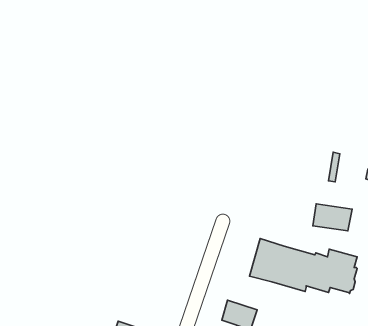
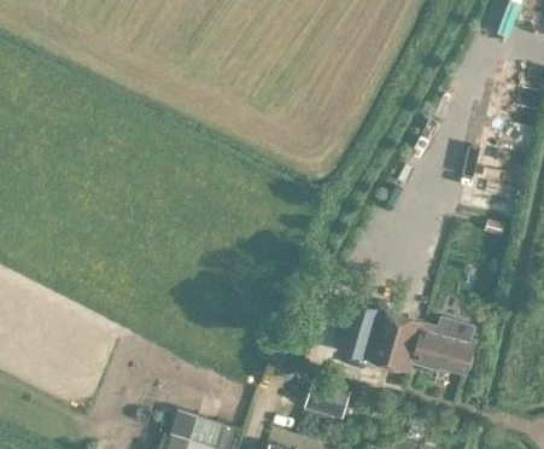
building: [313,204,352,231] -> none

